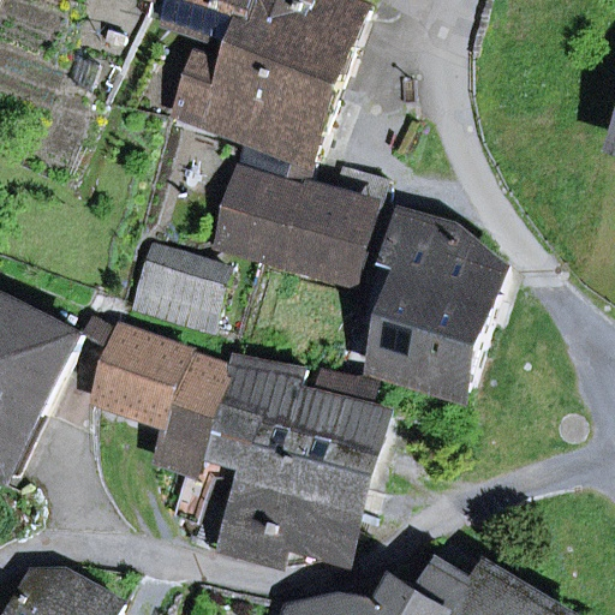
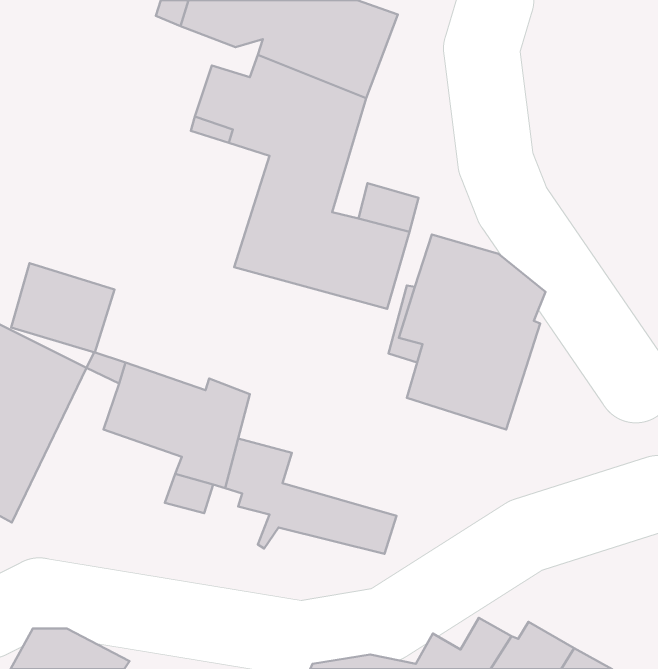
building: [131,249,226,330] -> [11,263,114,352]
building: [219,362,381,473] -> none
building: [222,484,353,556] -> none

